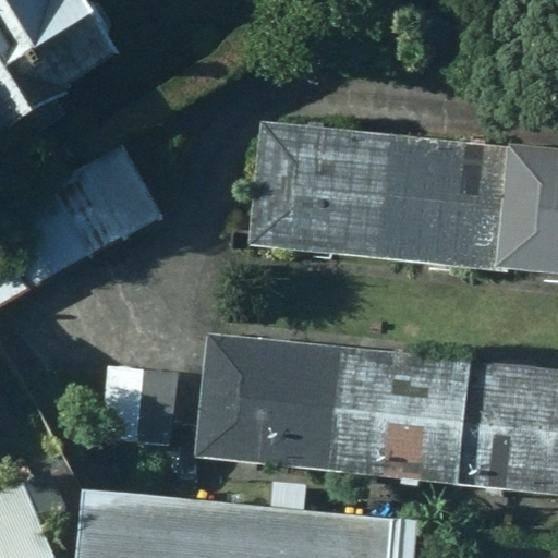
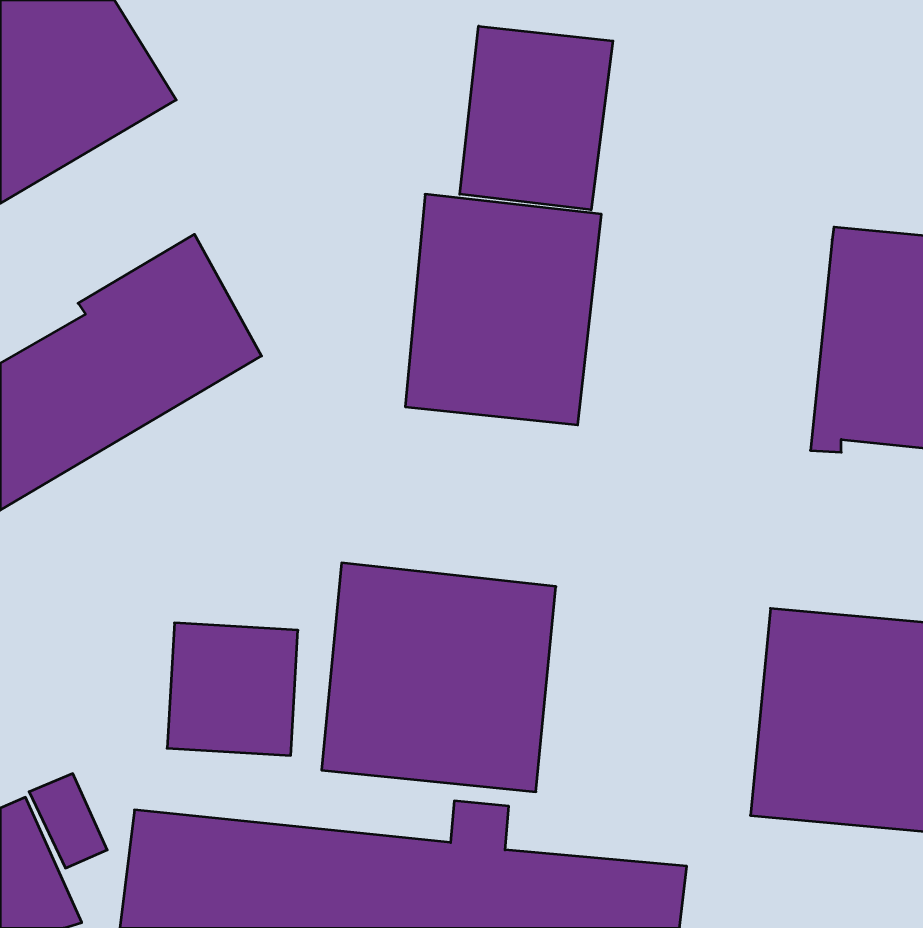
building: none -> [460,26,613,210]
building: [350,129,502,270] -> none
building: [325,352,465,489] -> none

